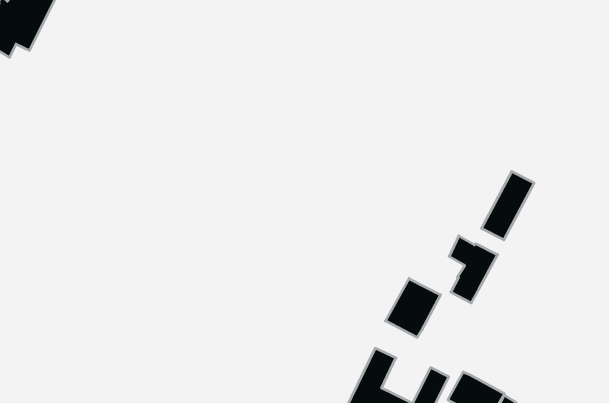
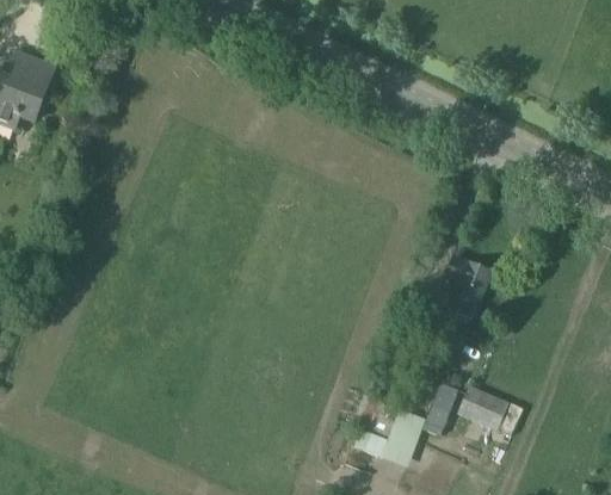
building: [481,171,534,240] -> none
building: [385,278,441,337] -> none

